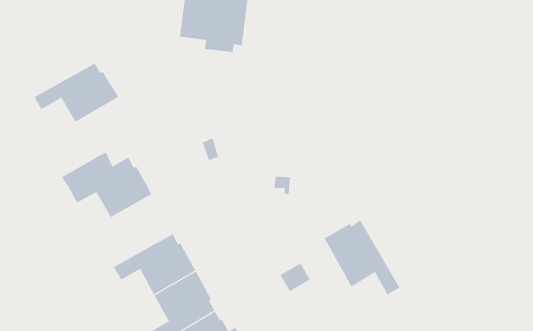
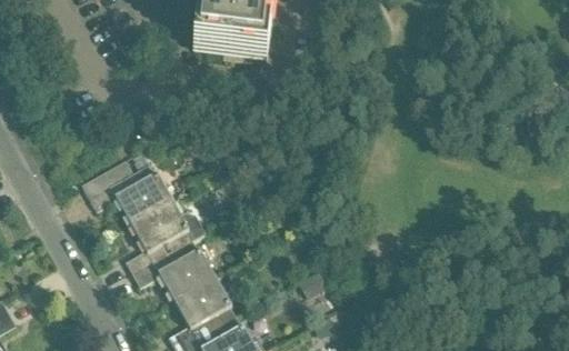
building: [34,63,119,123] -> none
building: none -> [126,200,204,272]
building: [324,206,400,295] -> none

